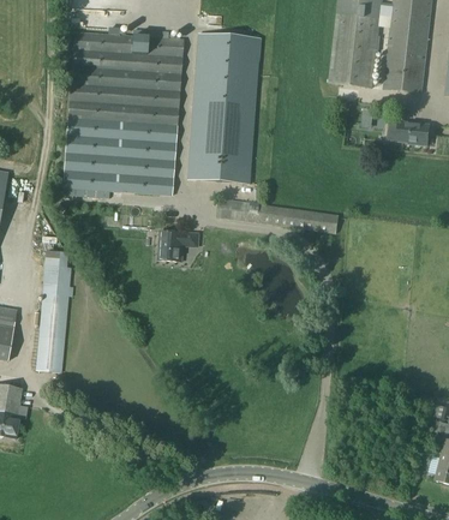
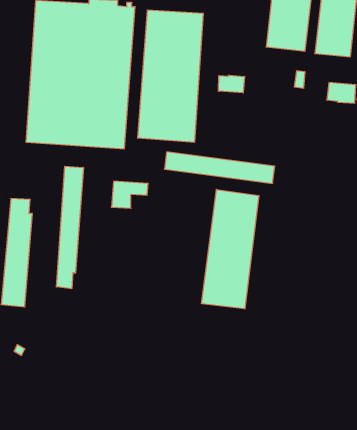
building: none -> [218,75,245,93]
building: none -> [56,166,83,289]
building: none -> [202,189,259,309]

